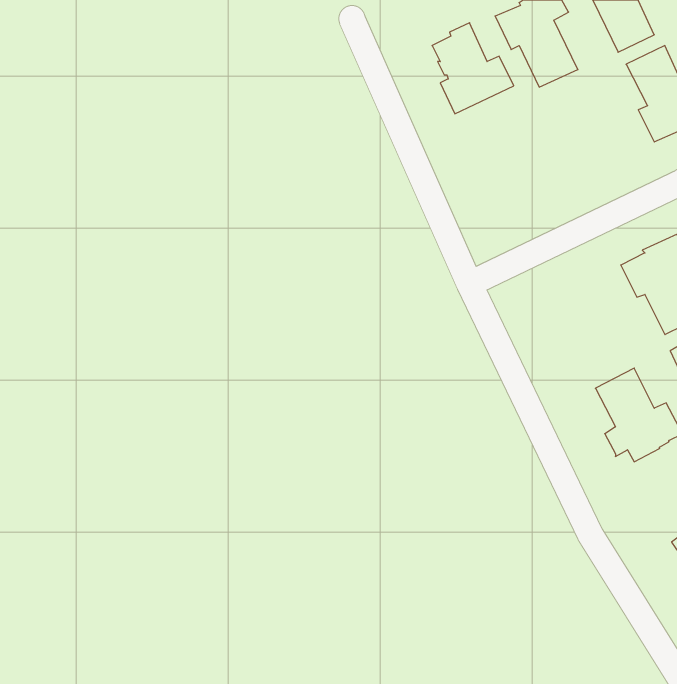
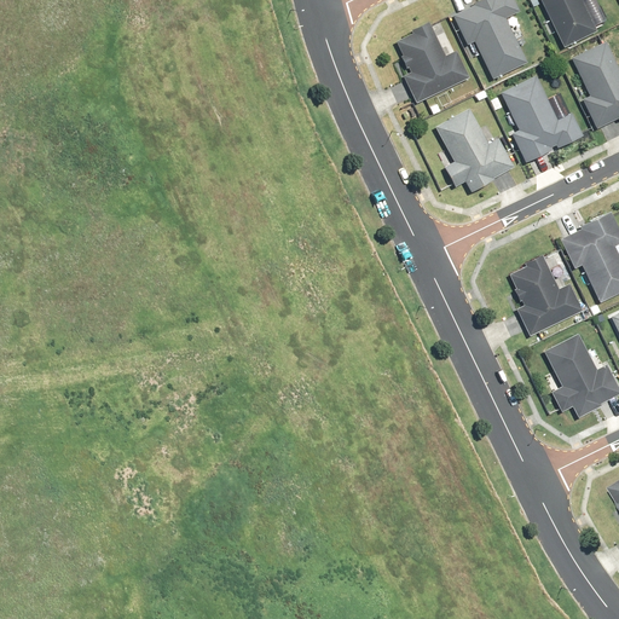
building: none -> [501,75,584,162]
building: none -> [435,108,515,192]
building: none -> [510,254,584,335]

